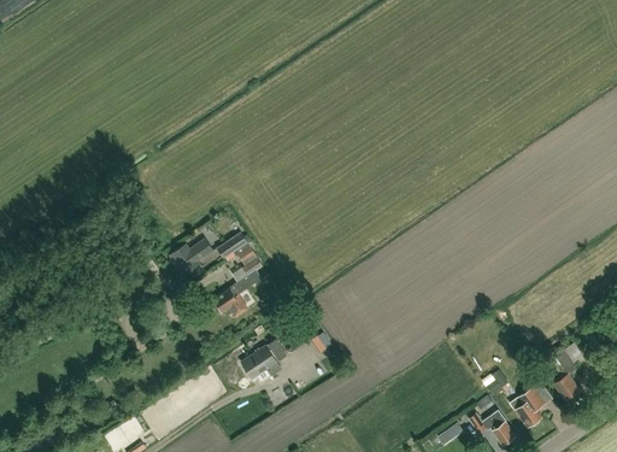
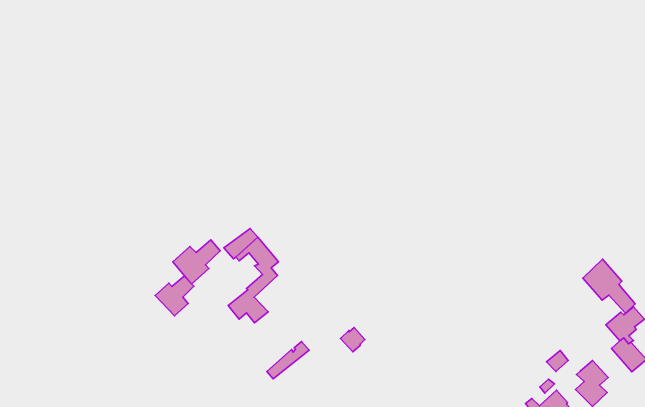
building: none -> [155,276,194,316]
building: none -> [583,259,635,313]
building: [246,347,286,378] -> none

